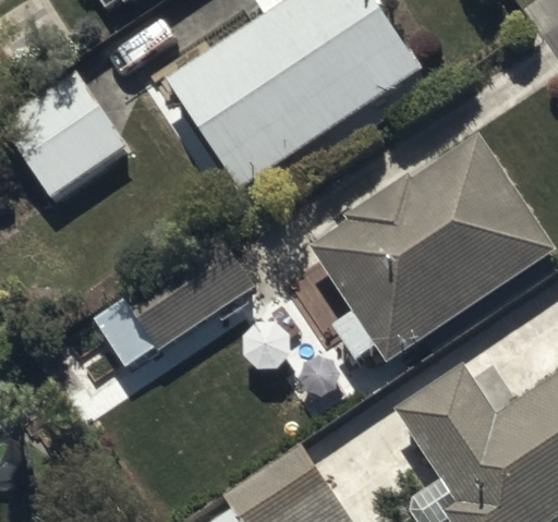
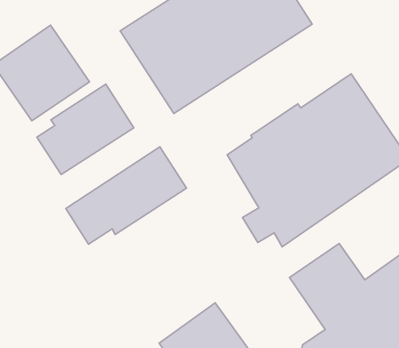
building: none -> [37,84,134,174]

